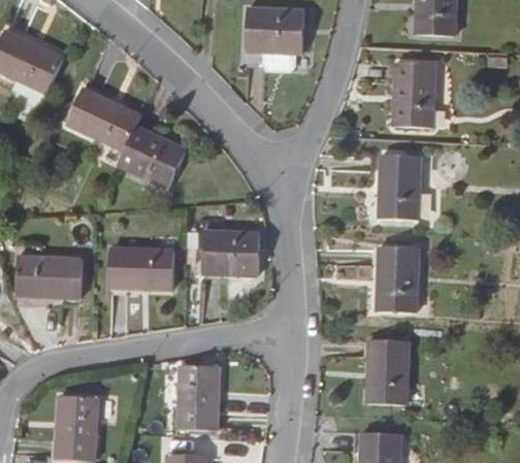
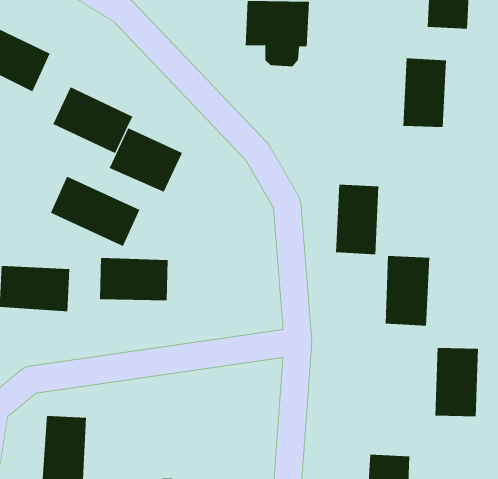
building: [379,155,420,221] -> [335,184,379,255]
building: none -> [50,176,140,247]
building: [201,231,260,275] -> none
building: [366,339,408,404] -> [435,347,479,417]
building: [177,365,219,431] -> none

